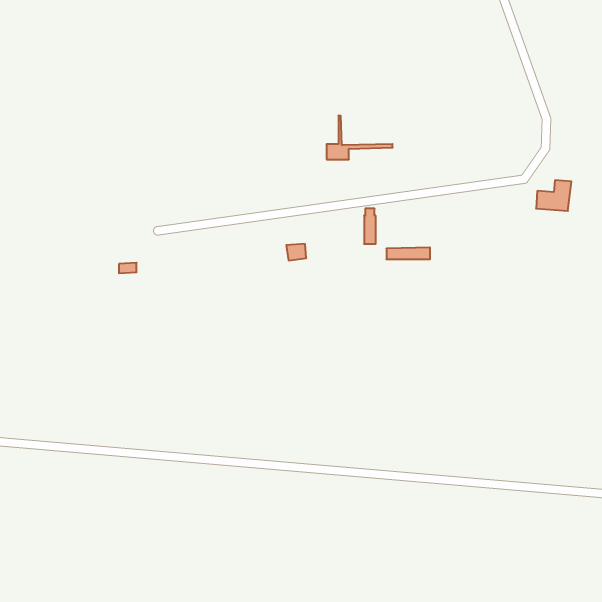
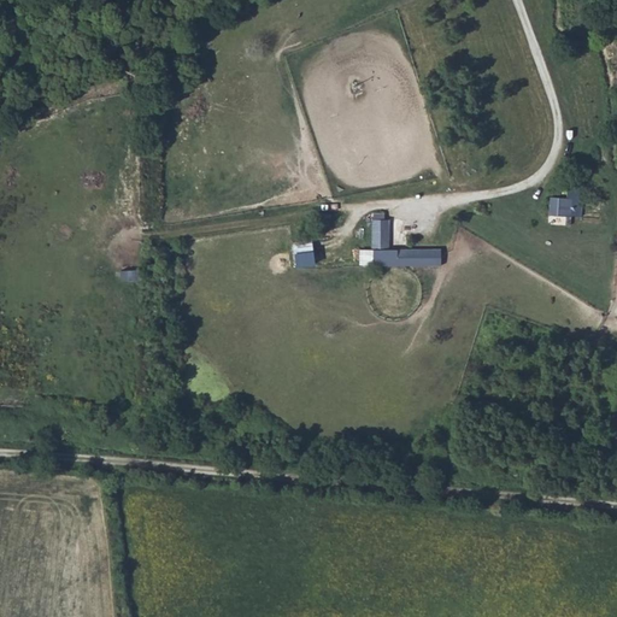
building: [327,116,393,159] -> [372,221,440,265]

